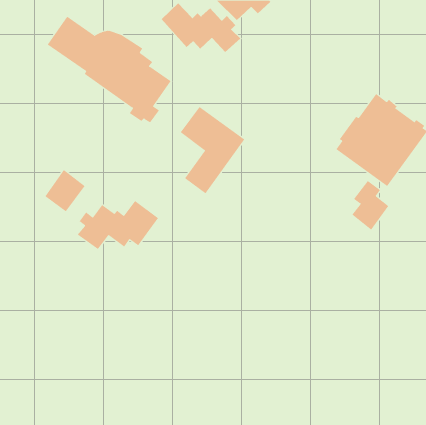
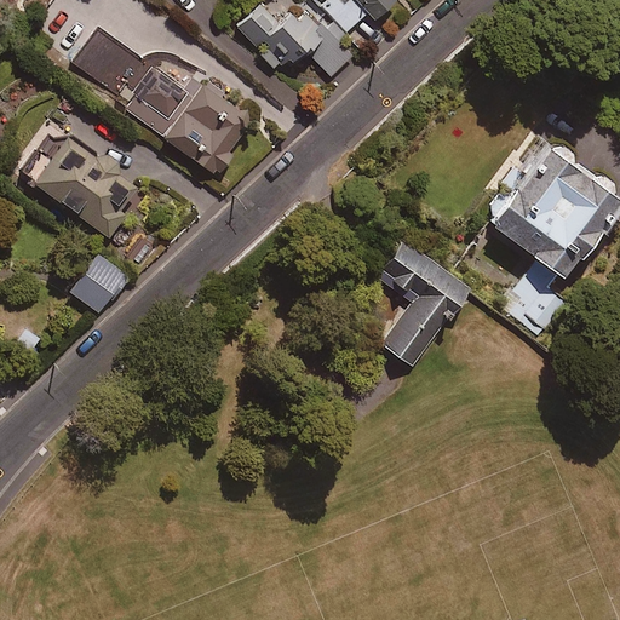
building: none -> [17,120,125,235]
building: [180,106,245,194] -> [378,242,472,369]
building: [77,200,159,250] -> none

